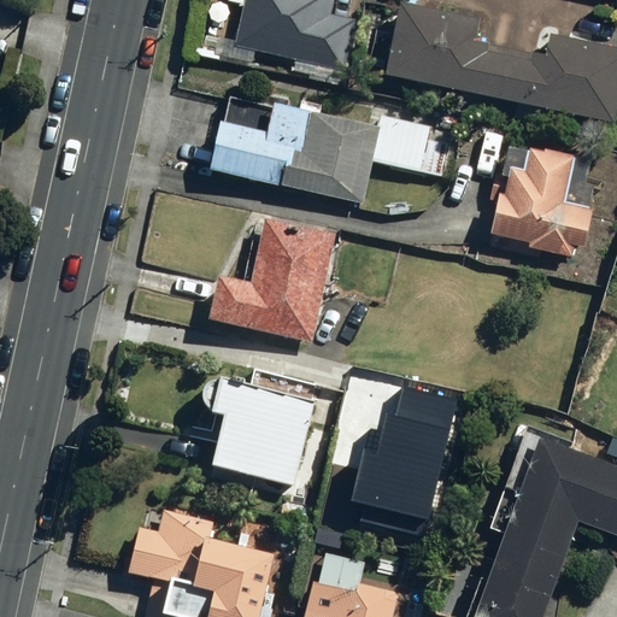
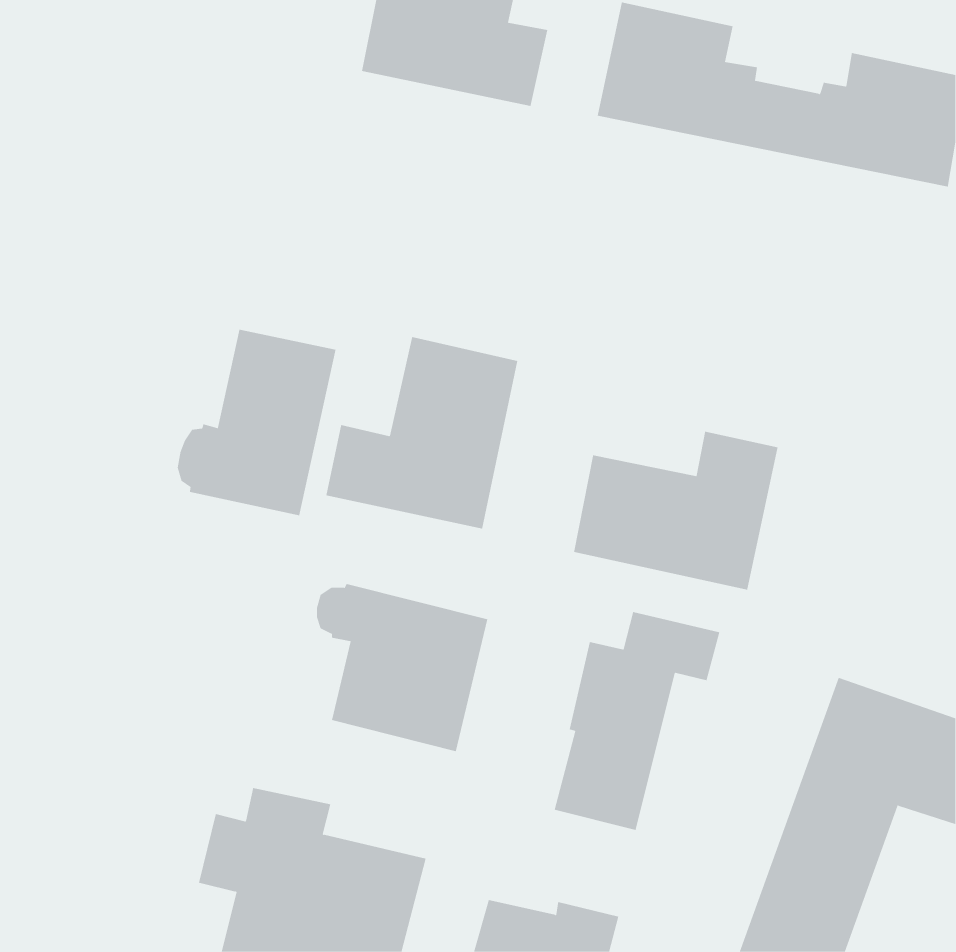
building: [208,101,447,202] -> none
building: [490,147,592,255] -> none
building: none -> [177,329,336,516]
building: none -> [574,431,778,590]

